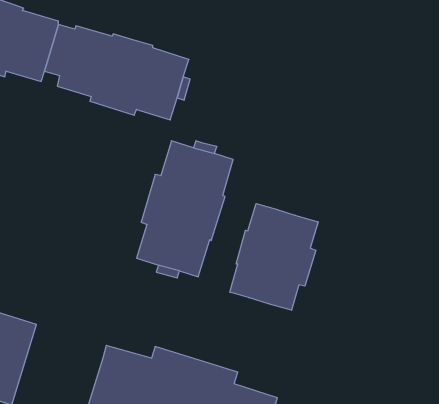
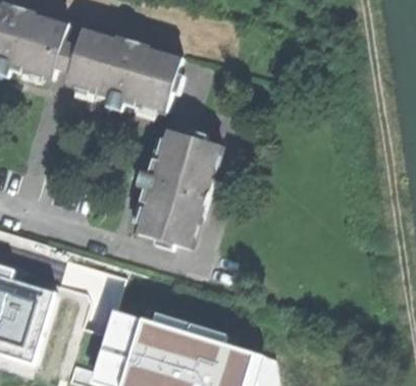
building: [230,204,318,310] -> none

